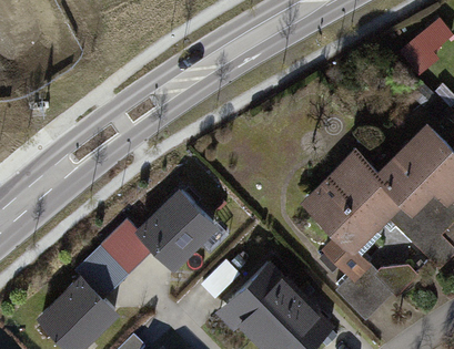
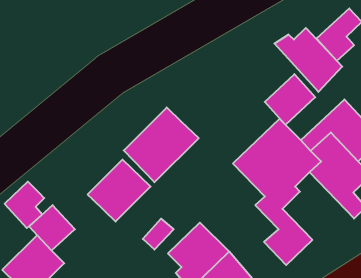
building: none -> [274,28,342,92]
building: none -> [265,74,315,125]
building: none -> [124,107,199,182]
building: [99,217,144,270] -> [5,182,44,228]

